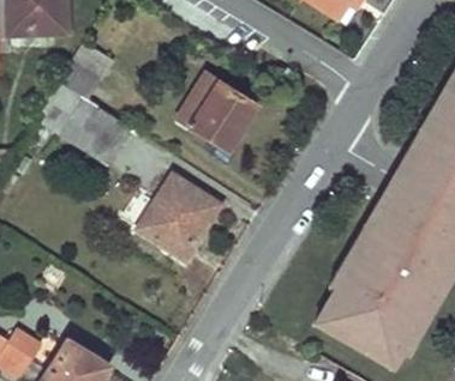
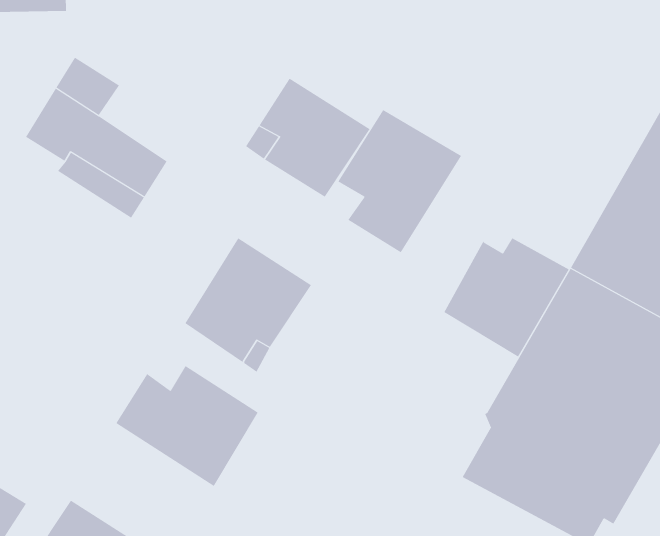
building: none -> [338,109,462,253]
building: none -> [443,238,569,358]
building: none -> [116,365,258,487]

